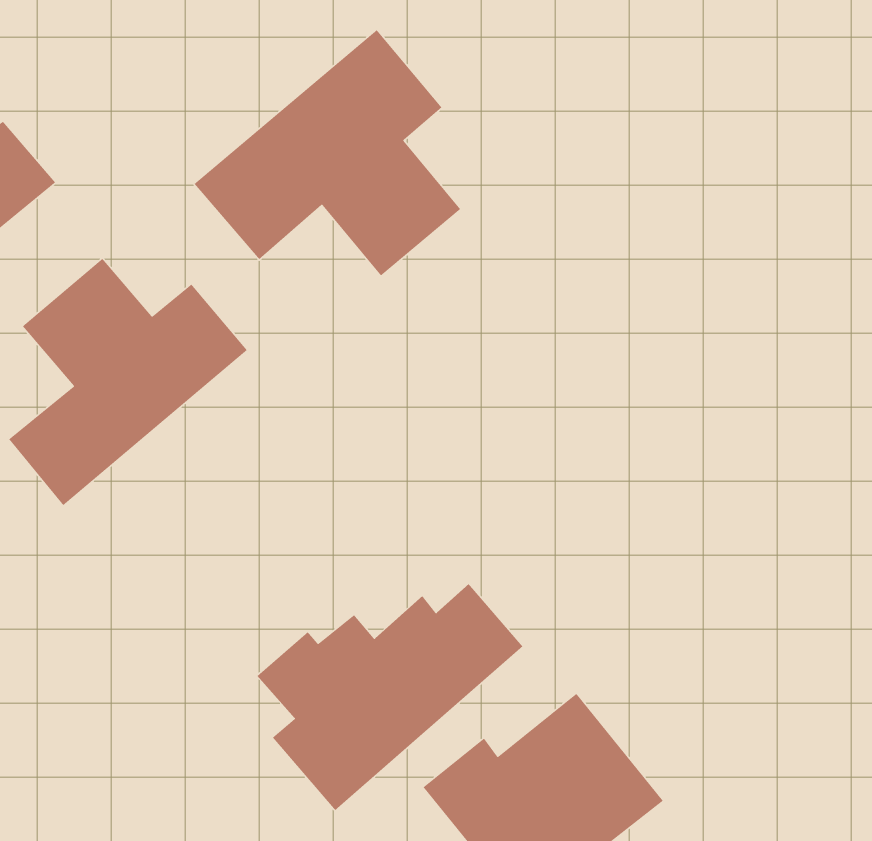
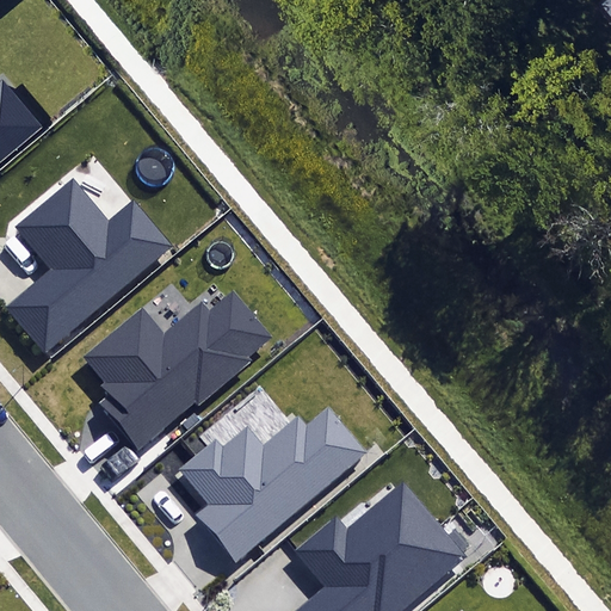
building: [193,29,461,276] -> none
building: none -> [81,292,271,450]

